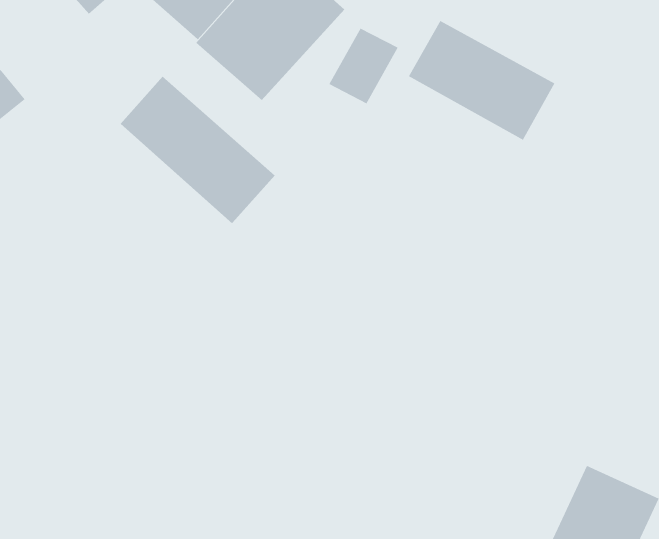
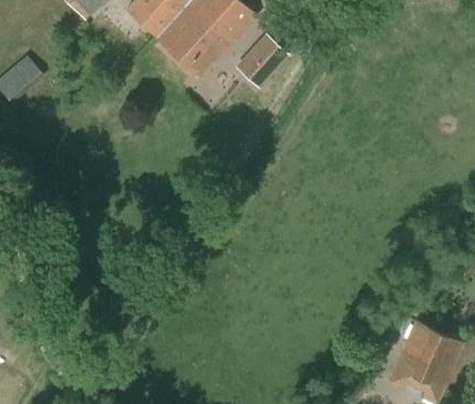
building: [408,20,555,142] -> none
building: [120,76,276,227] -> none

